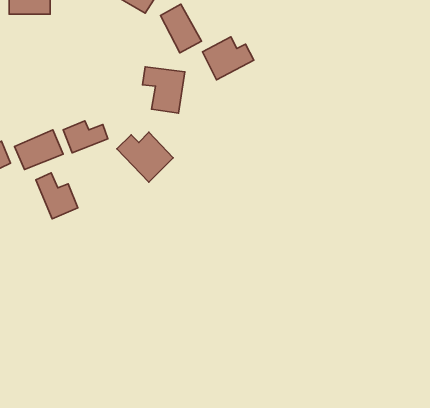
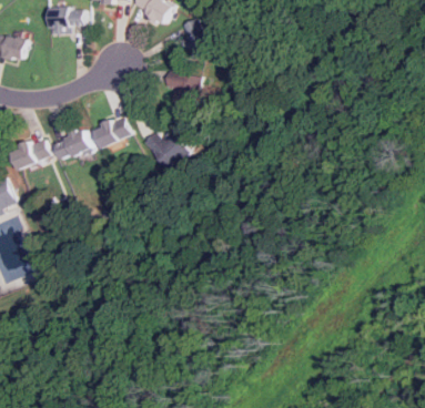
building: [202,37,254,80] -> none
building: [36,173,78,219] -> none

